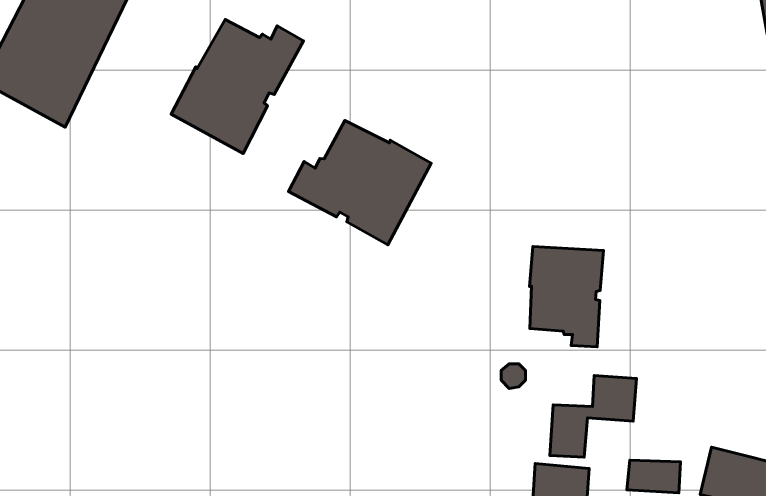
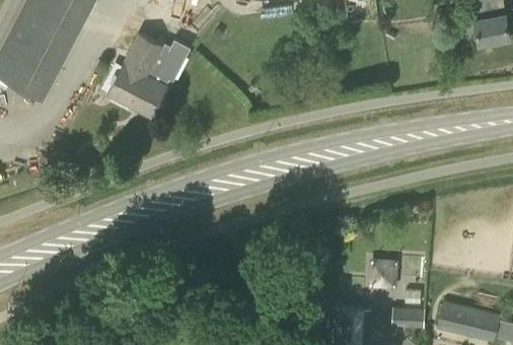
building: [289,121,431,245] -> none
building: [529,246,603,347] -> none

